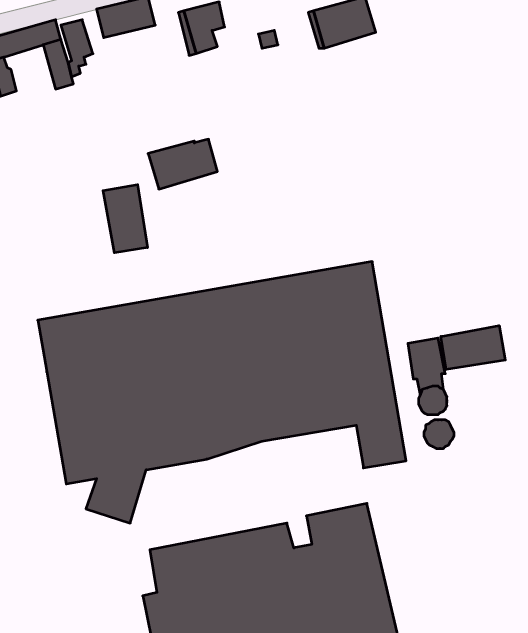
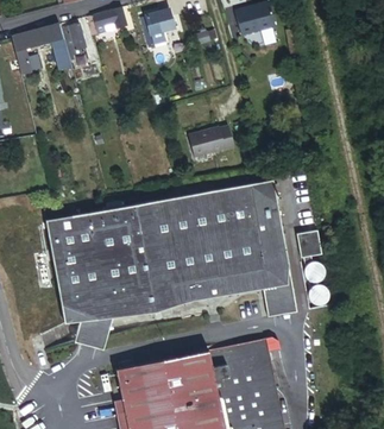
building: [148,139,217,189] -> [184,126,231,159]
building: [103,185,147,253] -> none
building: [441,326,505,369] -> none

